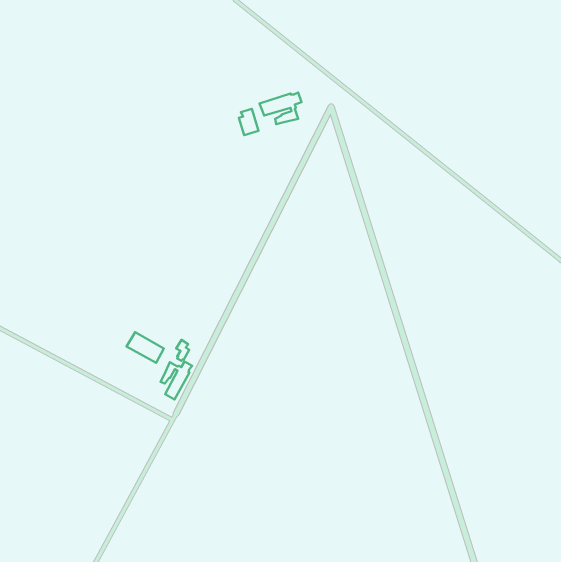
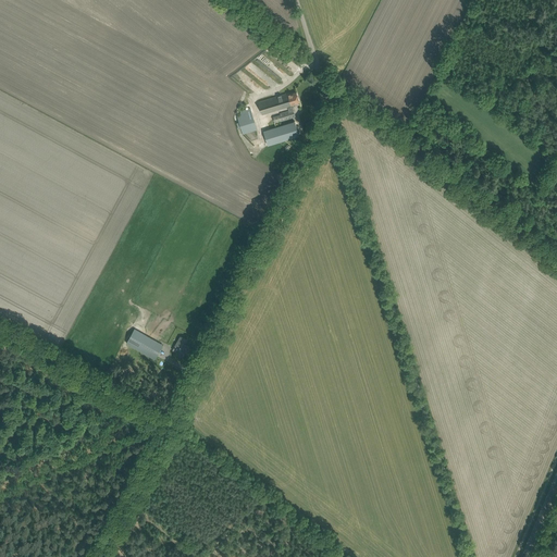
building: none -> [262,121,298,145]
building: [161,361,192,400] -> none

